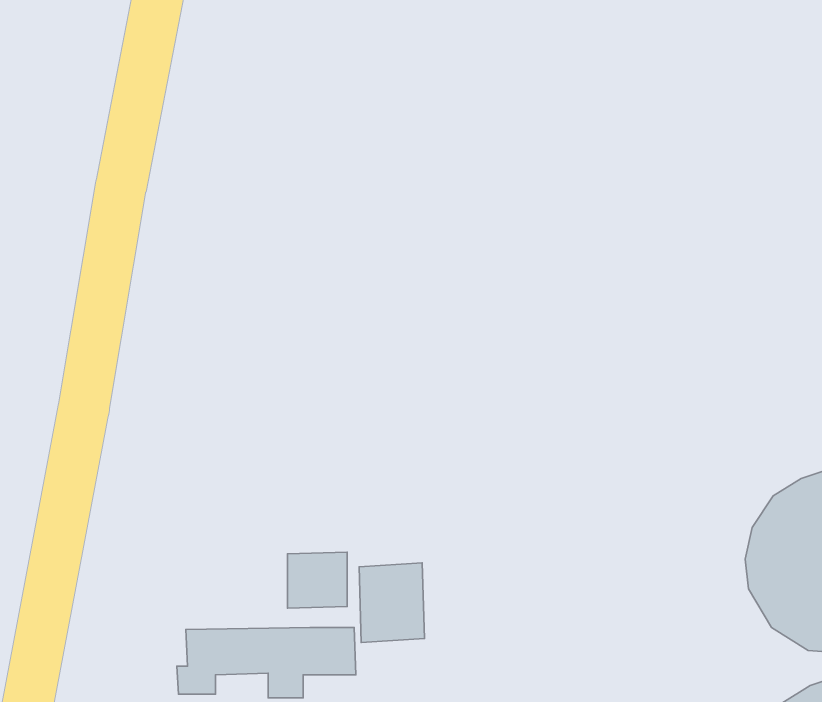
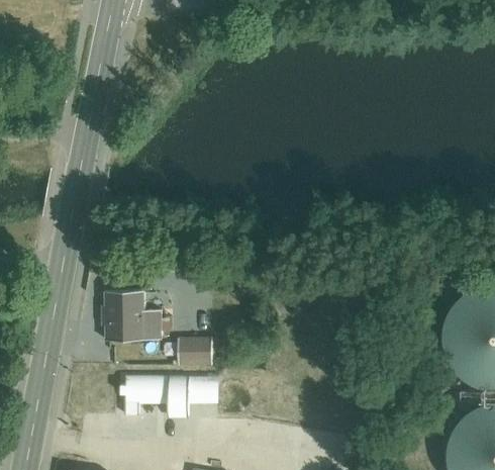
building: none -> [104,285,151,337]
building: [359,563,425,642] -> none

